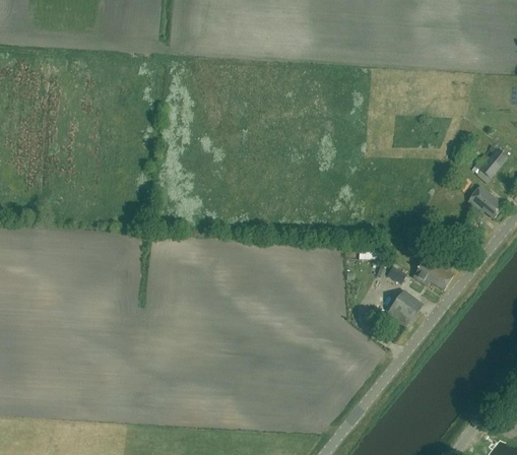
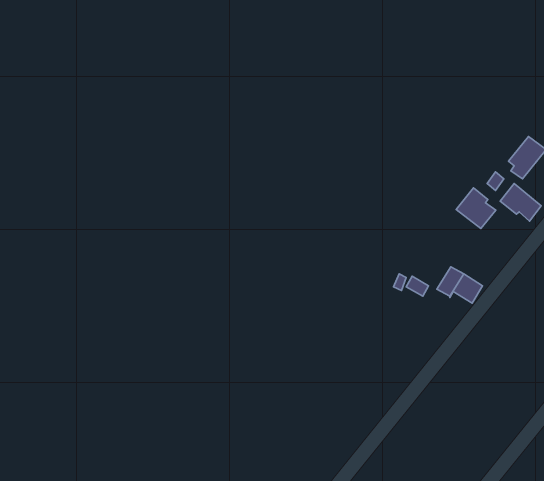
building: none -> [456,188,496,228]
building: [386,292,419,326] -> none

